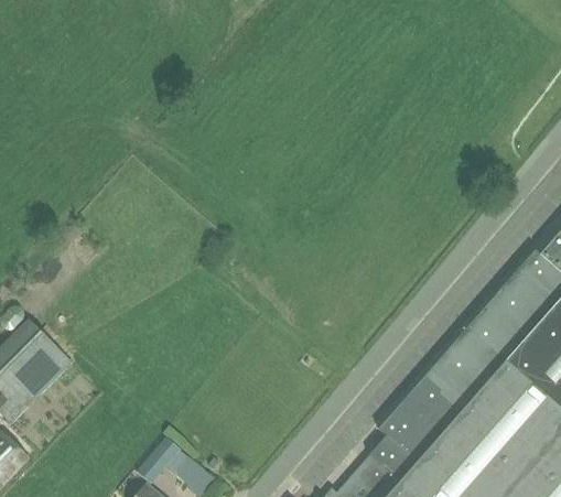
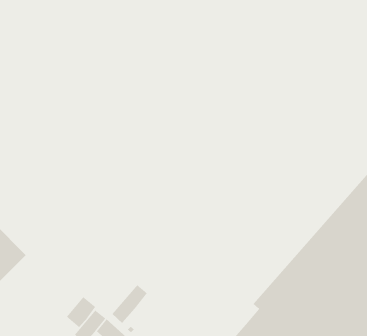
building: none -> [111,284,148,324]
building: none -> [66,296,96,328]

